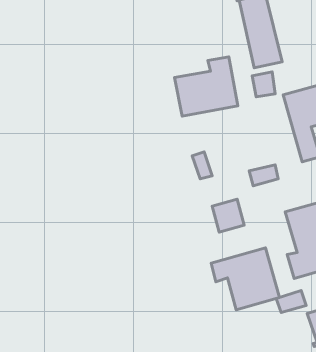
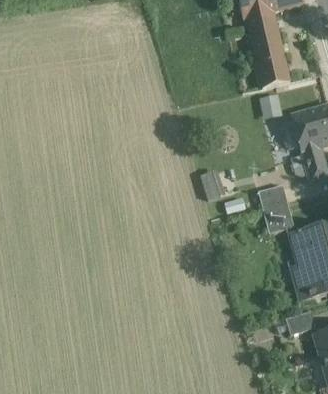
building: [175,57,238,116] -> none
building: [212,199,244,232] -> [261,198,293,231]
building: [211,248,280,310] -> none

